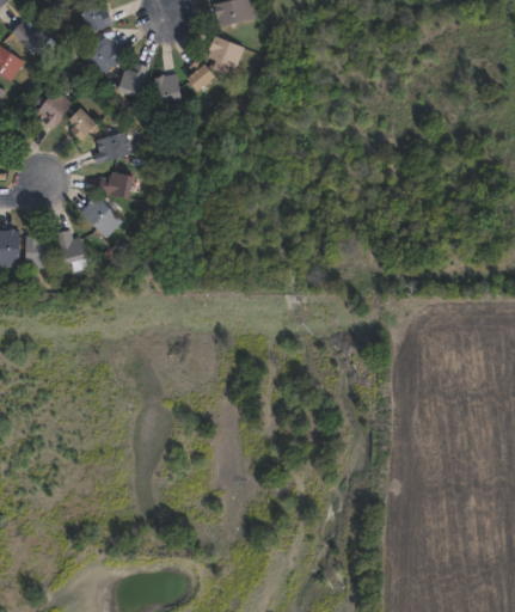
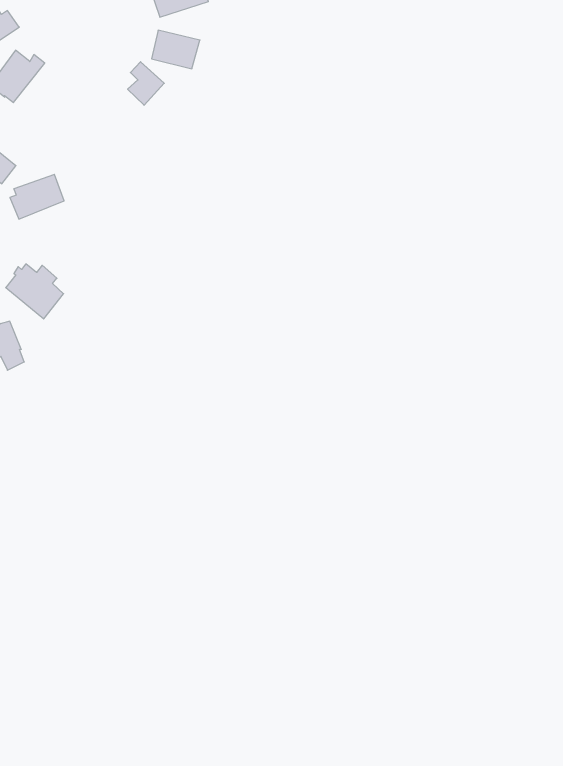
building: [118,61,147,97] -> none
building: [154,74,182,111] -> none
building: [97,171,134,198] -> none

